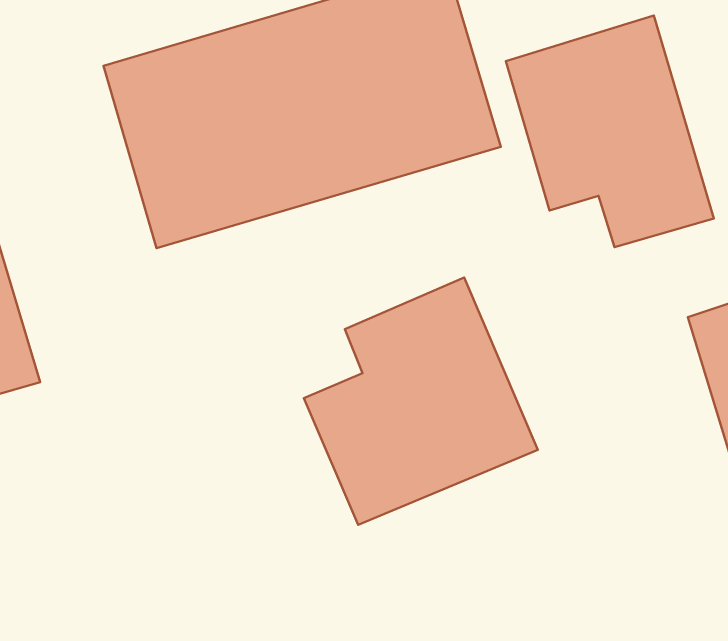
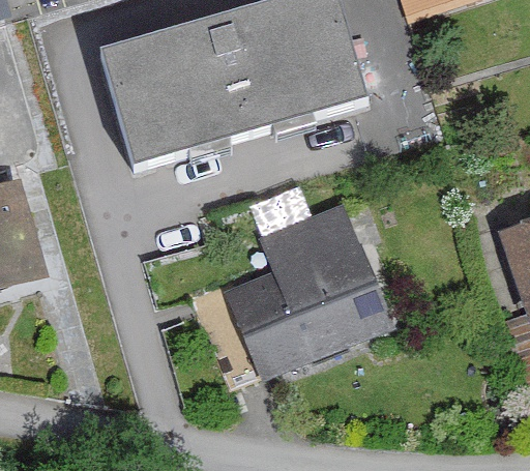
building: [506,16,714,247] -> none

